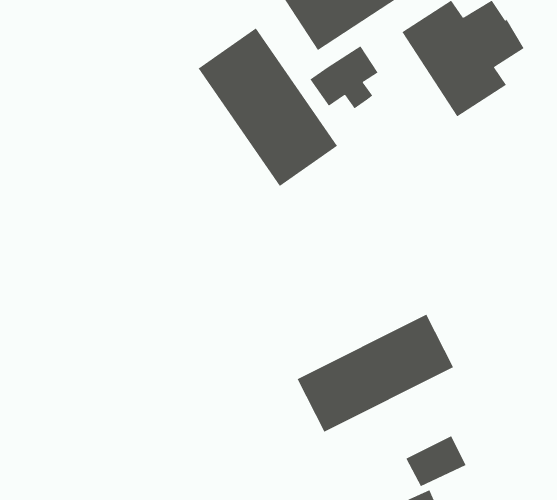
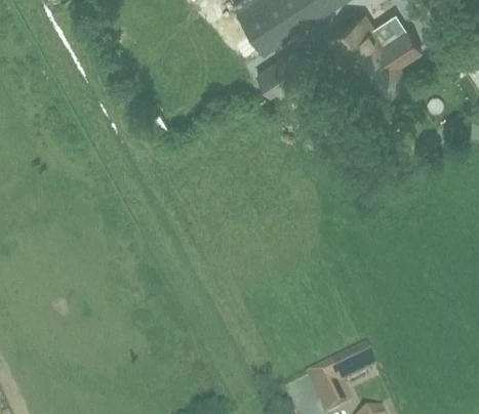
building: [198,28,338,187] -> none
building: [297,314,454,432] -> none

